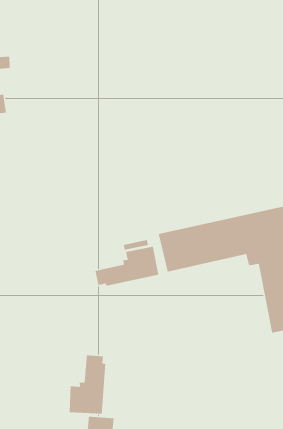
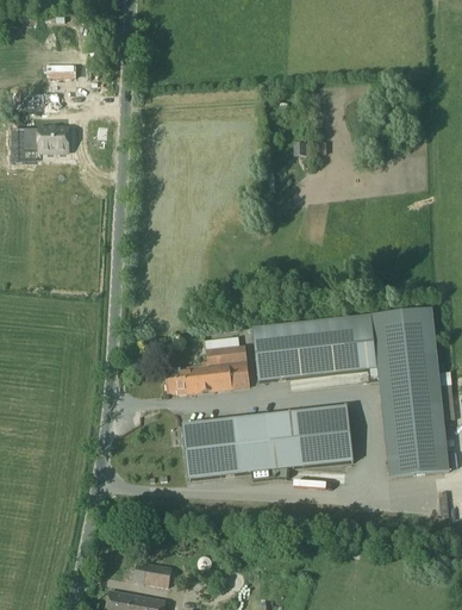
building: none -> [181,404,354,479]
building: [69,355,106,415] -> none

